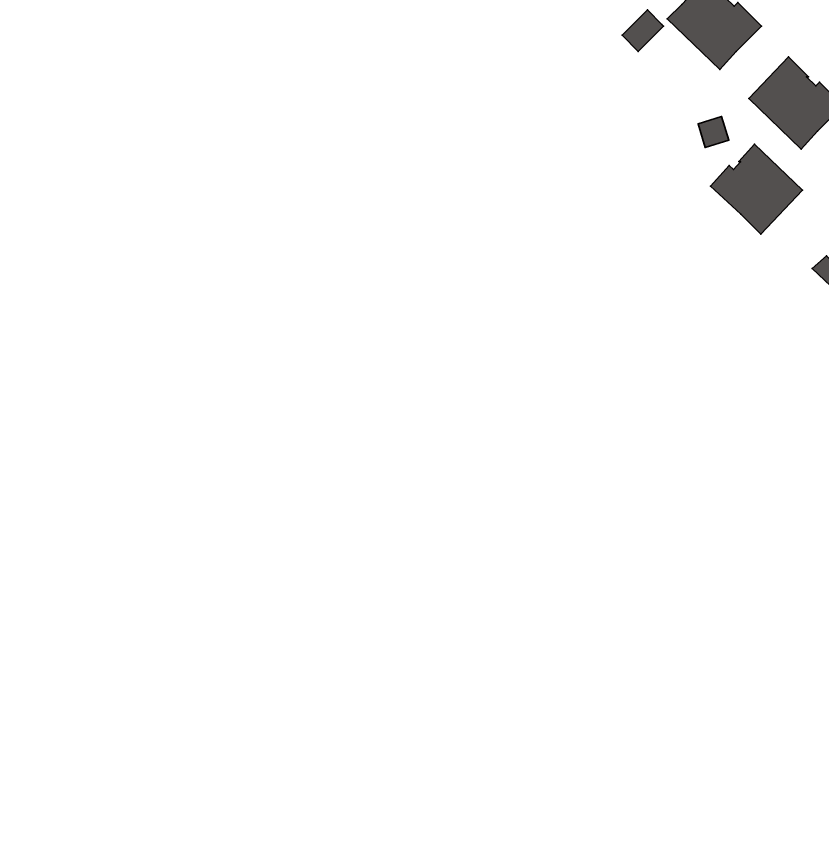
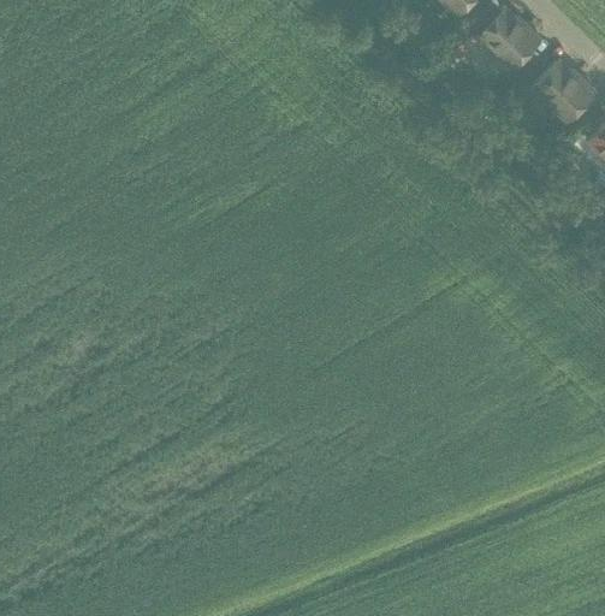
building: [711,144,802,234] -> none

